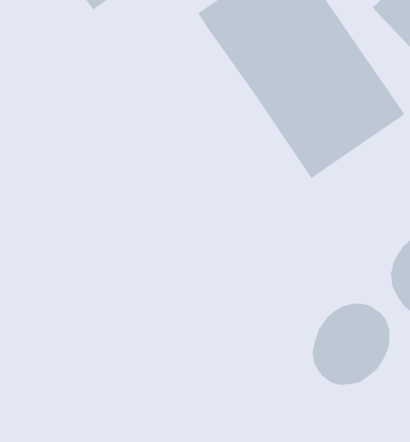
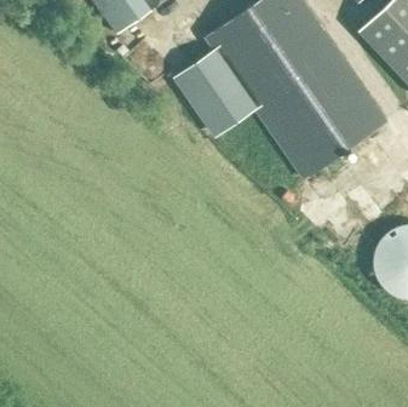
building: none -> [172,50,257,139]
building: [312,303,390,386] -> none

